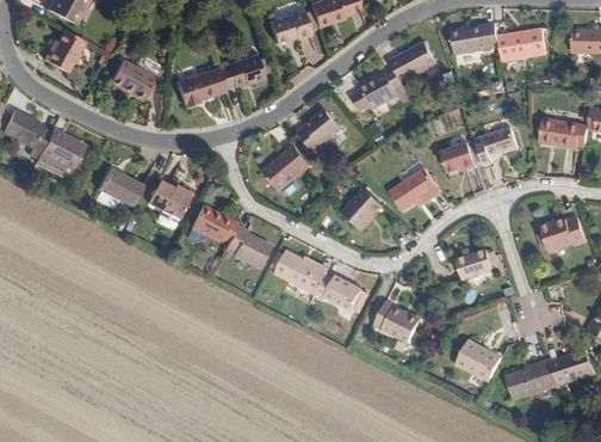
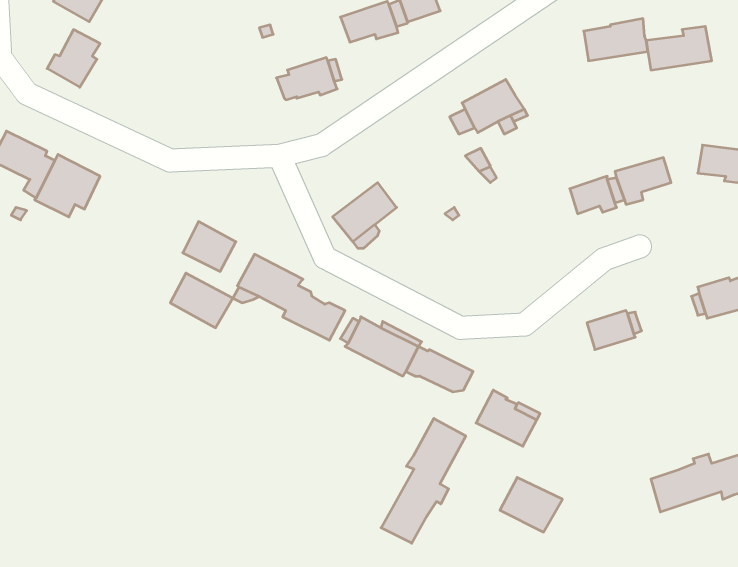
building: [390,39,435,80] -> none
building: [112,59,157,99] -> none
building: [174,62,225,100] -> none
building: [298,111,343,155] -> none
building: [392,165,442,208] -> none
building: [97,166,144,208] -> [170,273,233,328]
building: [343,188,384,231] -> none
building: none -> [381,418,466,543]
building: [454,342,502,383] -> [500,477,562,532]

